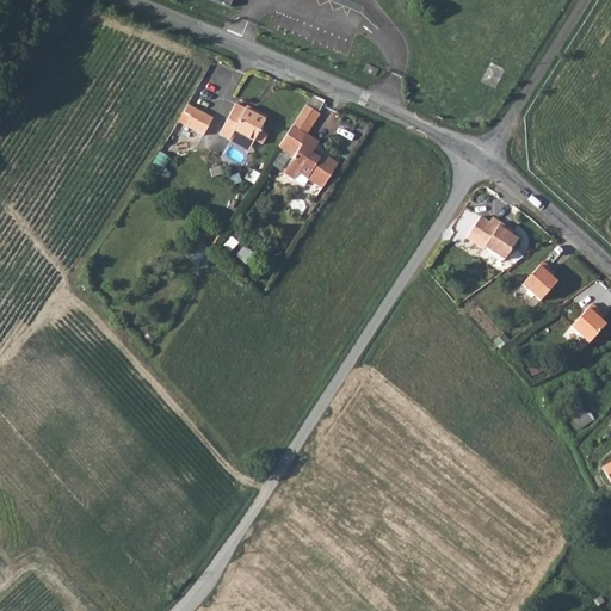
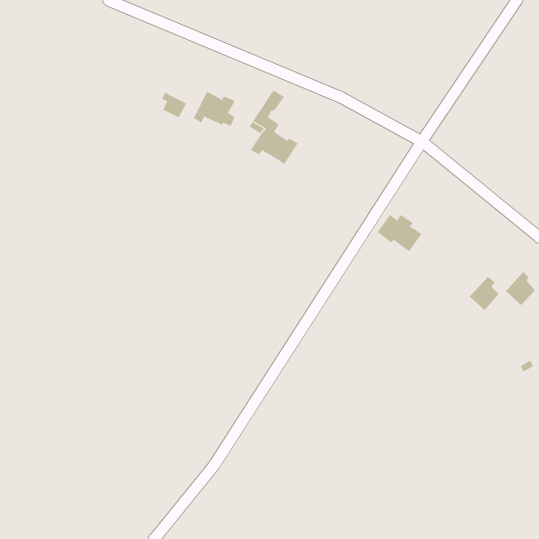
building: [467,216,518,259] -> [377,214,422,252]
building: [523,261,557,301] -> [469,276,500,311]

